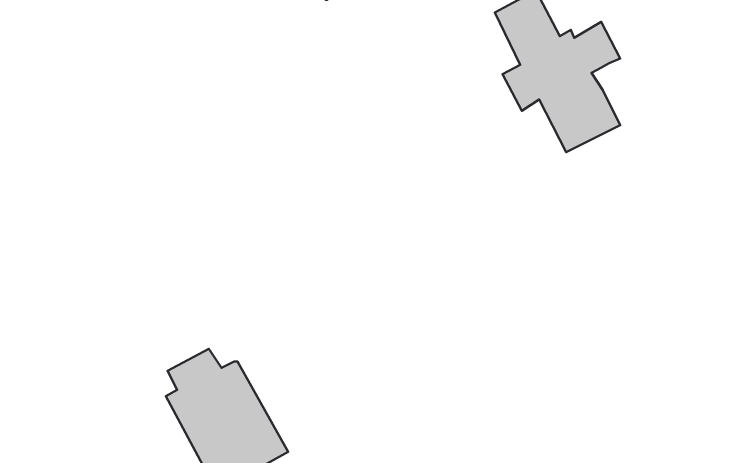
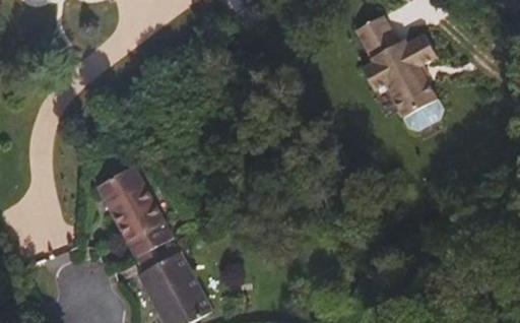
building: none -> [102,168,179,259]

